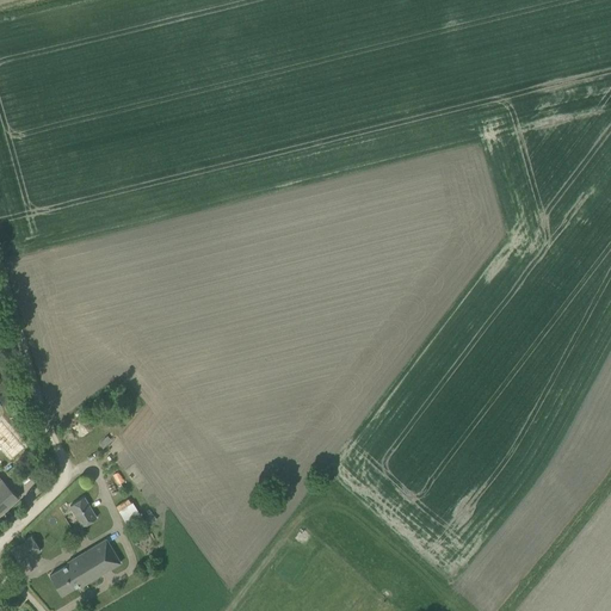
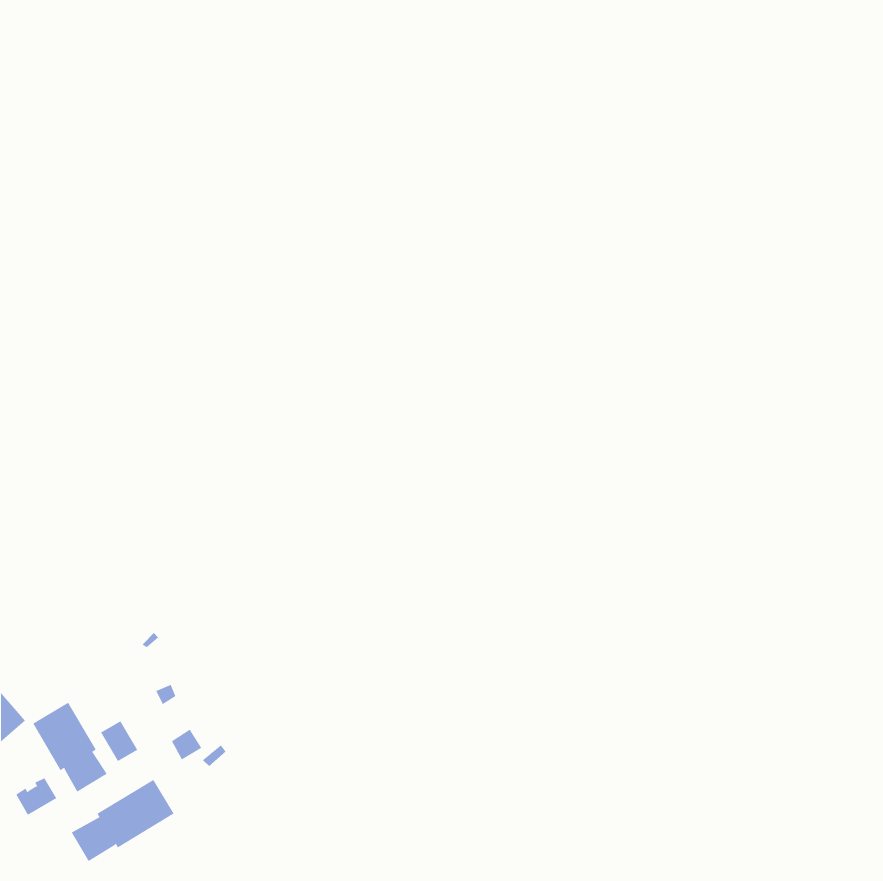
building: none -> [32,702,107,792]

